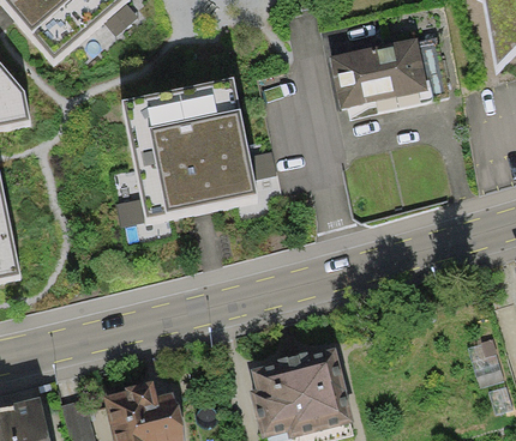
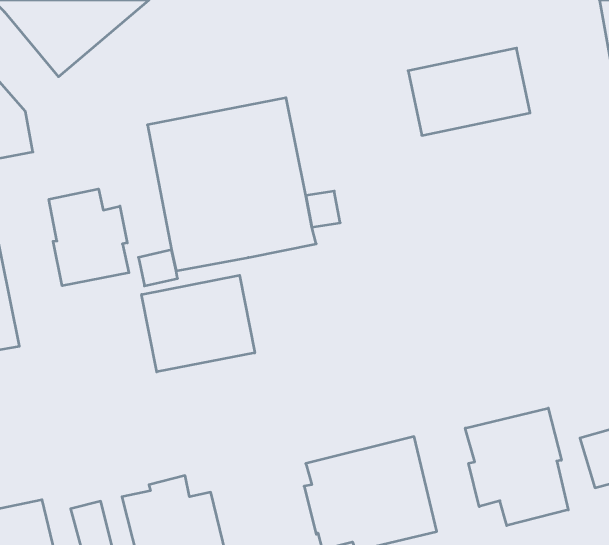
building: none -> [49,189,129,286]
building: none -> [142,275,255,372]
building: none -> [465,408,568,526]

